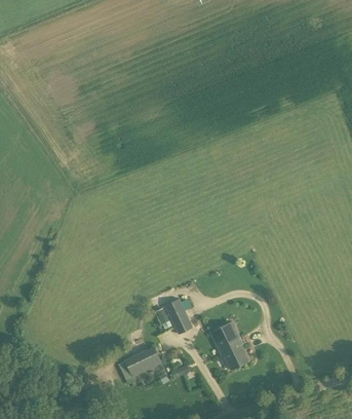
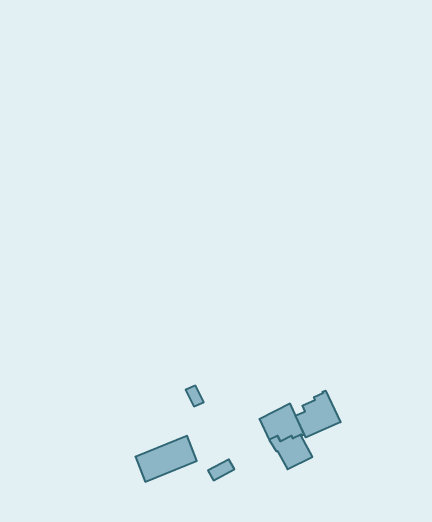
building: [163,299,192,335] -> none
building: none -> [296,391,341,437]

